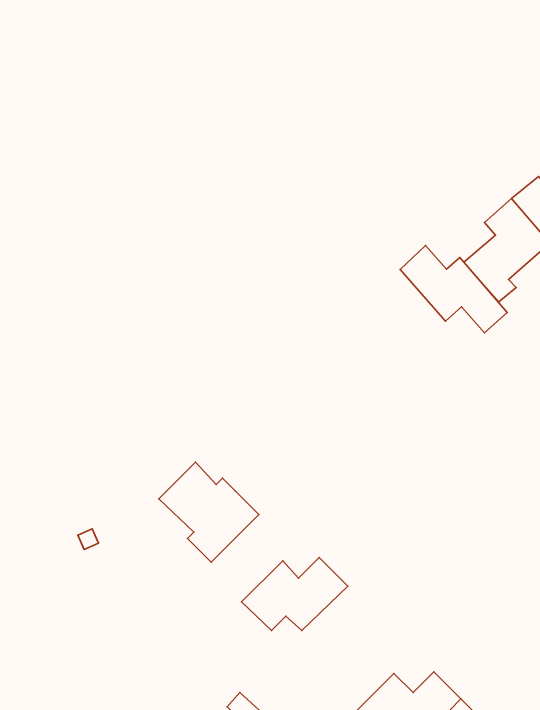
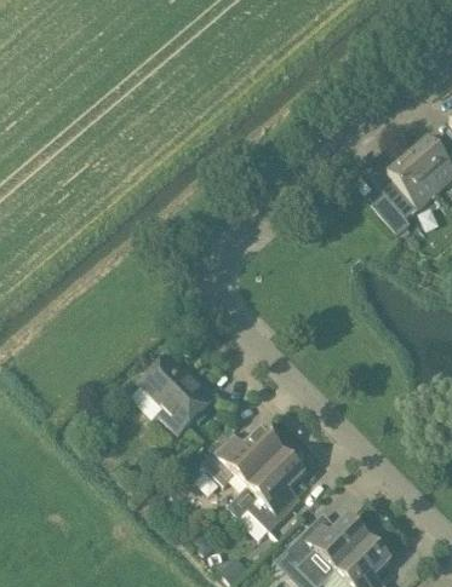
building: [400,245,507,333] -> none
building: none -> [228,450,304,530]

